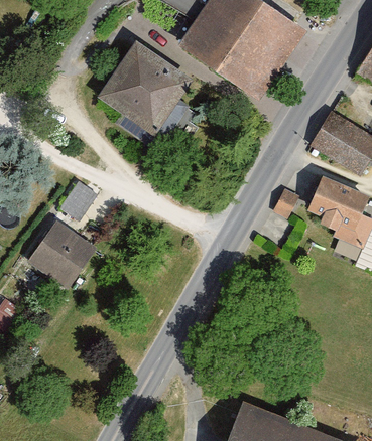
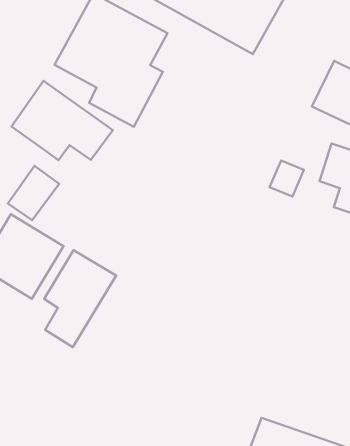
building: none -> [12,81,113,160]
building: none -> [44,250,116,347]

